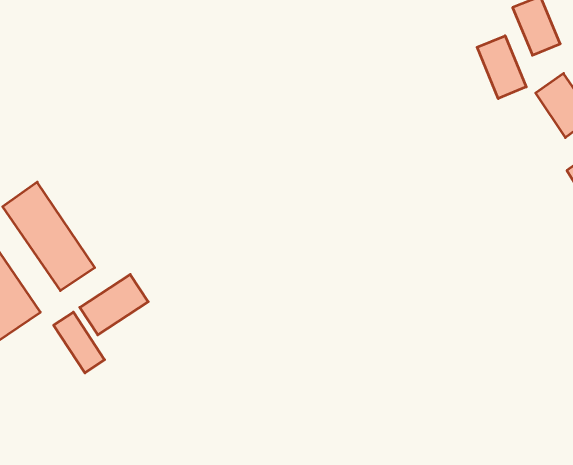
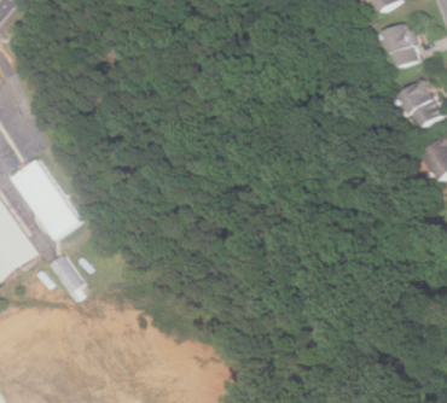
building: [477,36,526,99] -> none
building: [80,274,148,335] -> none

